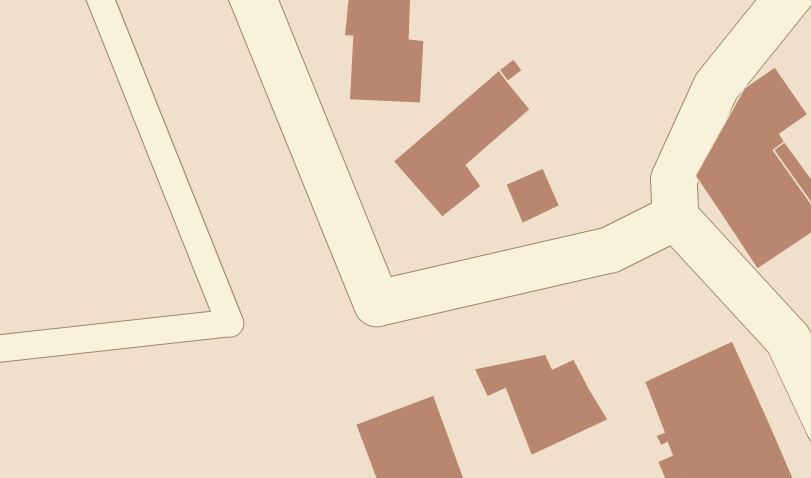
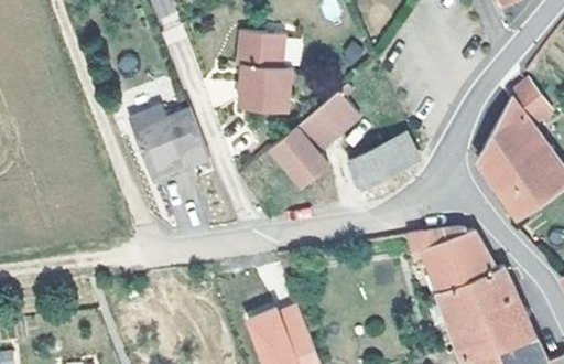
building: none -> [126,104,207,181]
building: none -> [372,138,415,179]
building: [474,354,608,456] -> [402,228,492,297]

